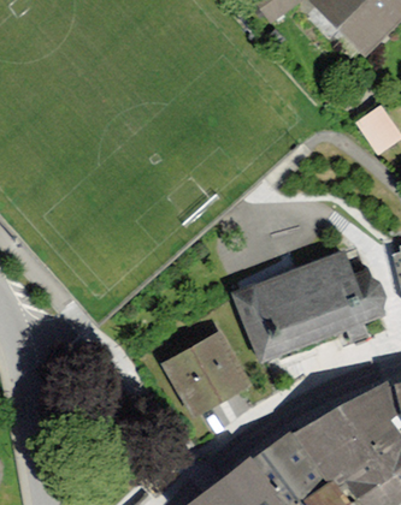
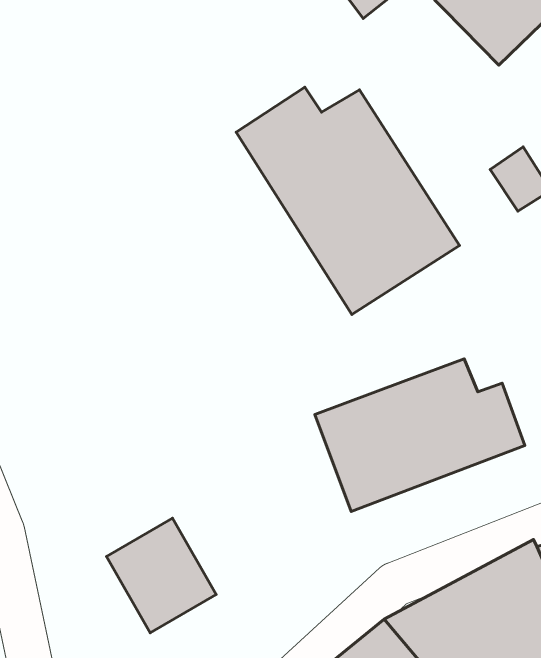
building: none -> [236,87,460,314]
building: [167,335,243,415] -> [107,518,216,633]

